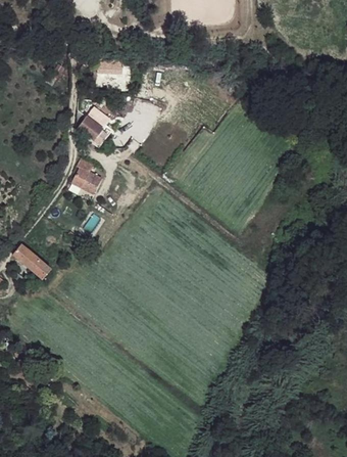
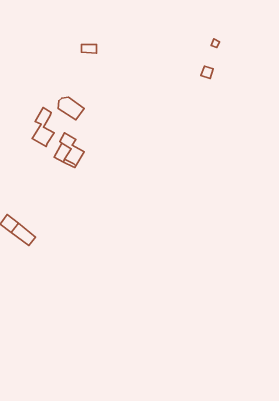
building: none -> [32,108,54,146]

